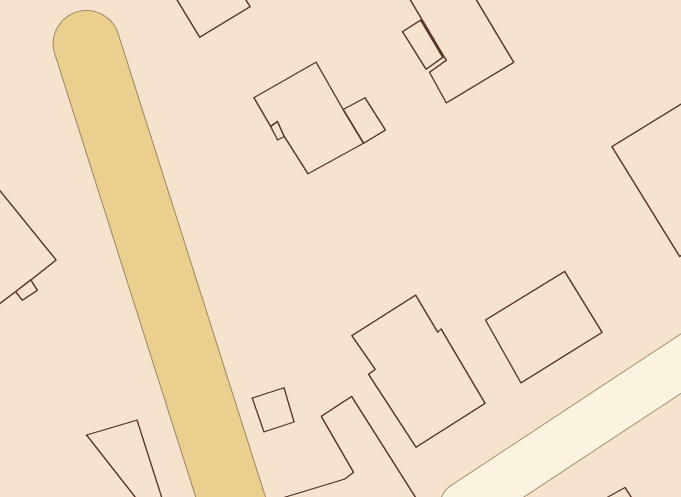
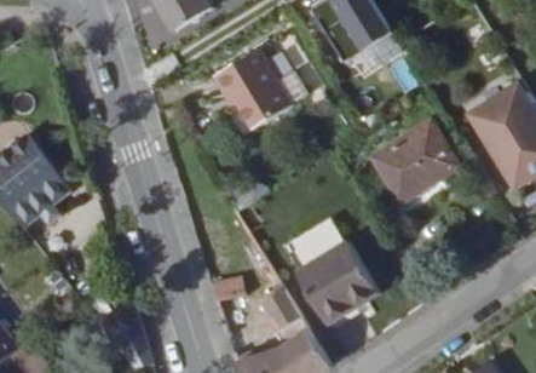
building: [486,271,602,383] -> [373,122,456,202]

